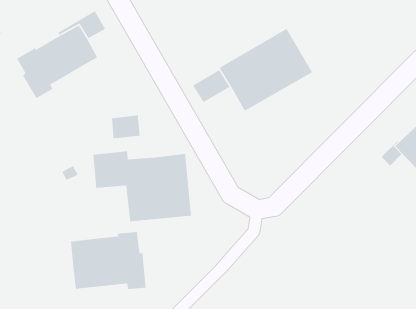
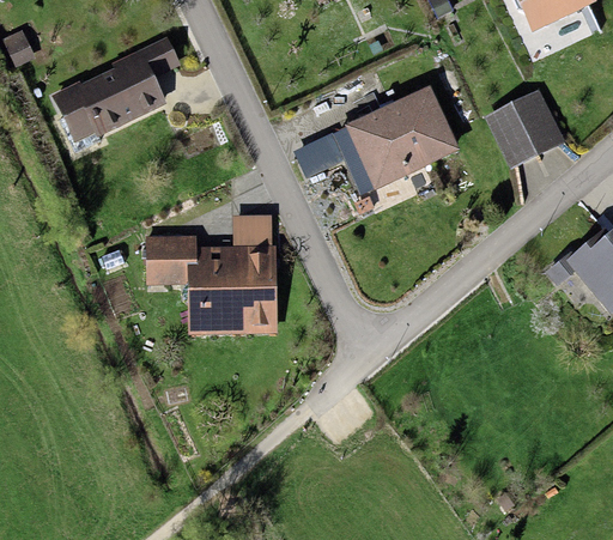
building: none -> [484,90,565,169]
building: [111,115,140,139] -> [232,216,271,247]
building: [70,231,146,290] -> none

